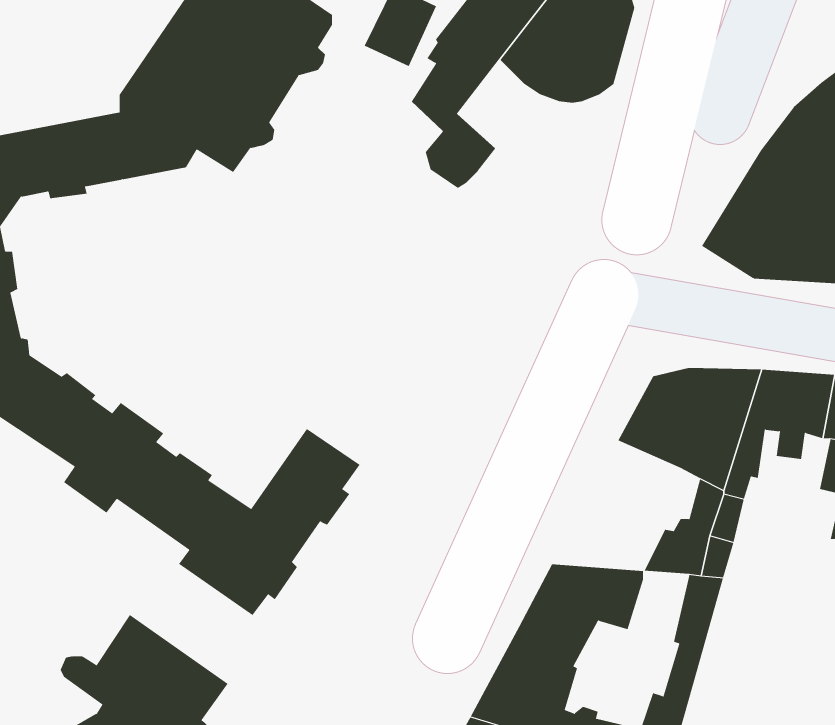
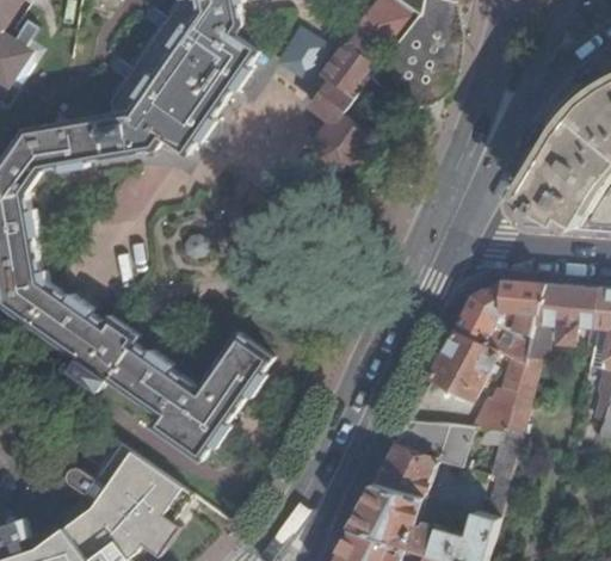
building: none -> [426,338,494,405]

